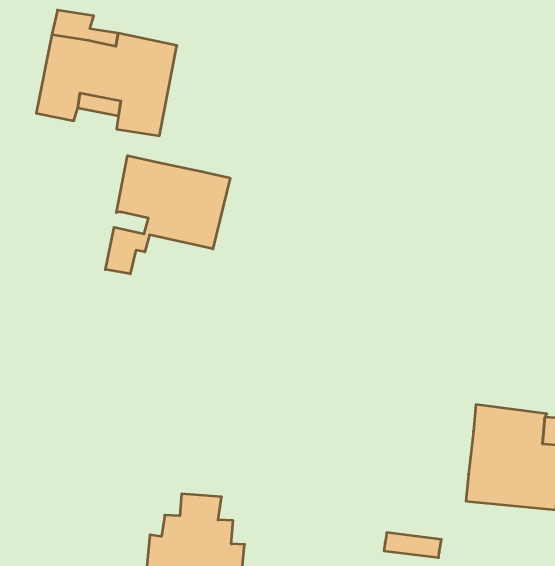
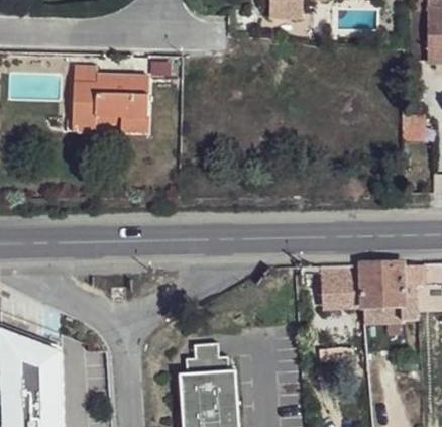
building: [105,156,230,274] -> none
building: none -> [320,264,361,308]

